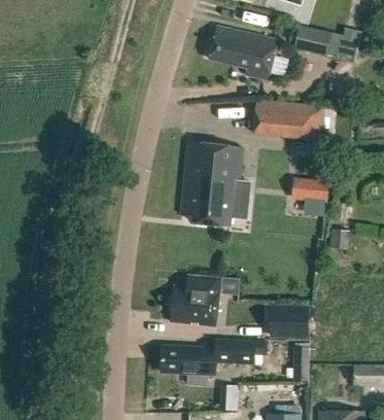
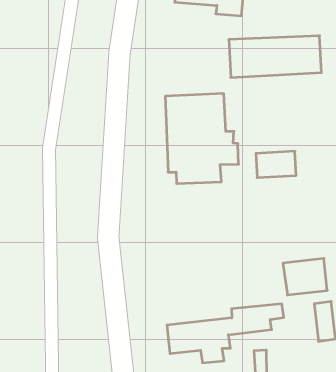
building: [294,177,331,202] -> [256,151,296,178]
building: [172,275,220,325] -> none

